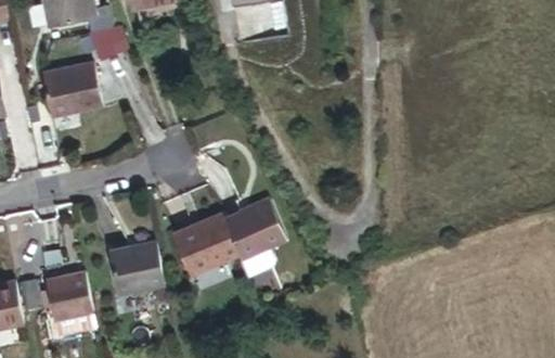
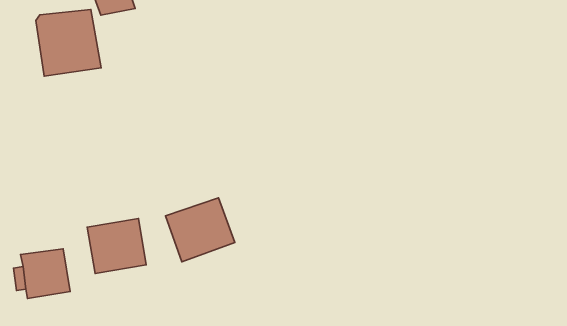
building: [222,197,285,277] -> none

